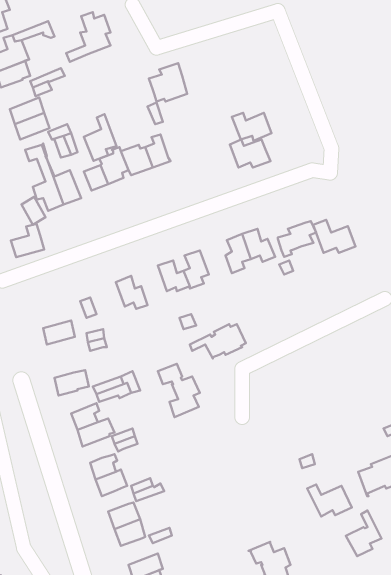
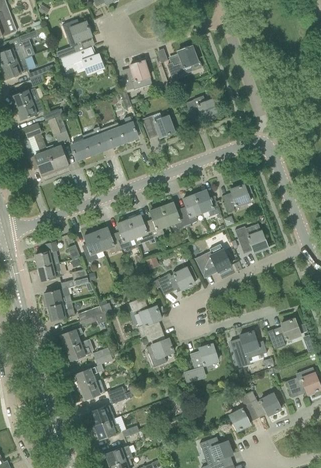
building: none -> [73,46,103,74]
building: none -> [167,46,197,78]
building: [84,114,117,161] -> none
building: [230,139,271,167] -> [142,115,174,137]
building: [313,220,355,253] -> [234,226,267,252]
building: [11,224,44,257] -> [34,242,60,268]
building: none -> [161,202,186,229]
building: none -> [115,219,135,250]
building: none -> [82,232,102,262]
building: none -> [195,243,231,276]
building: none -> [43,288,71,307]
building: none -> [267,318,300,349]
building: none -> [146,330,173,367]
building: none -> [229,331,266,366]
building: none -> [183,344,217,381]
building: [346,510,381,556] -> [228,394,256,430]

